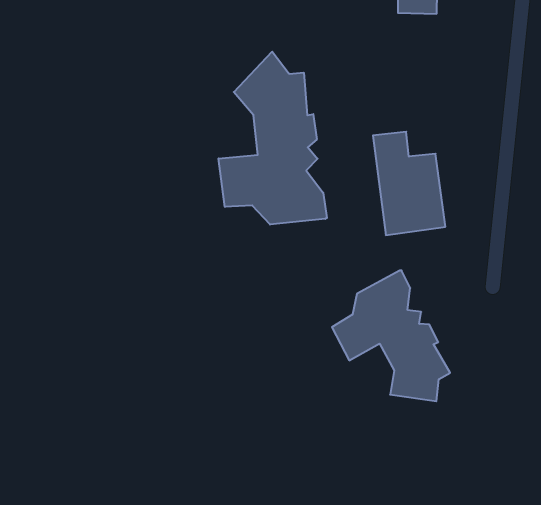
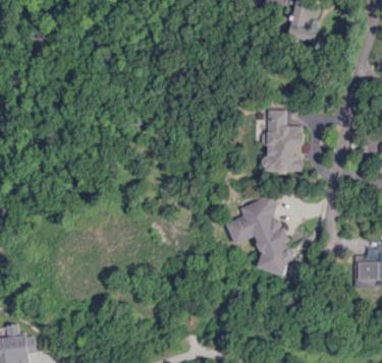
building: [219,52,327,225] -> none

